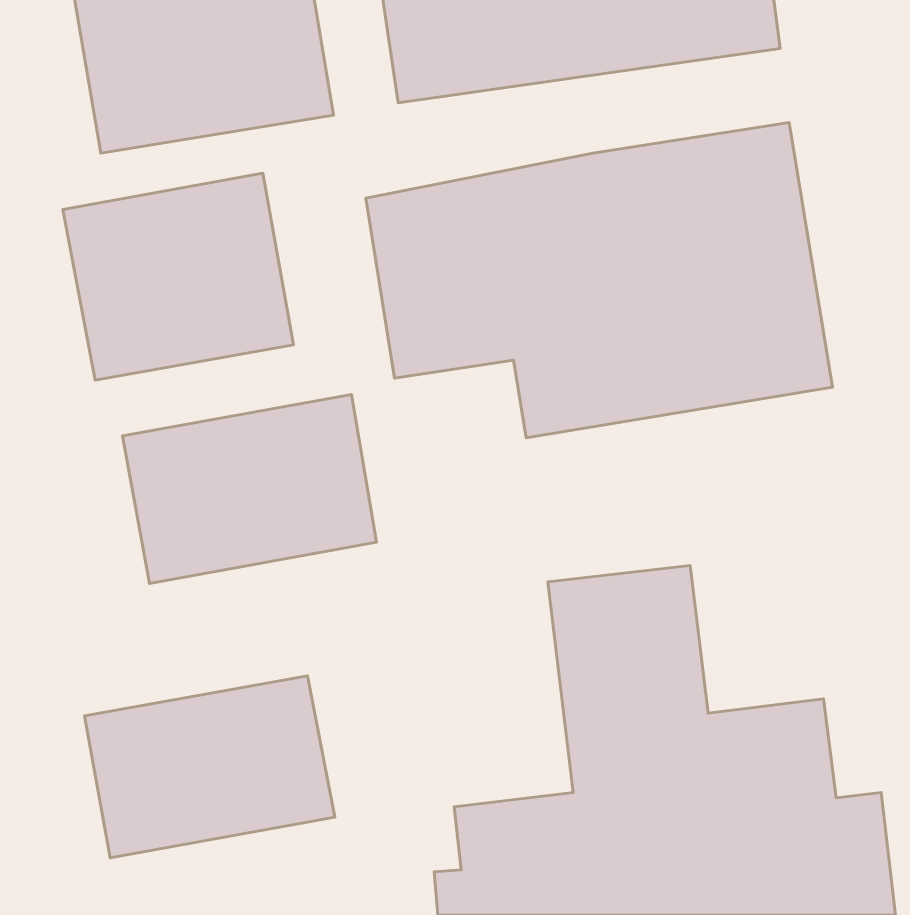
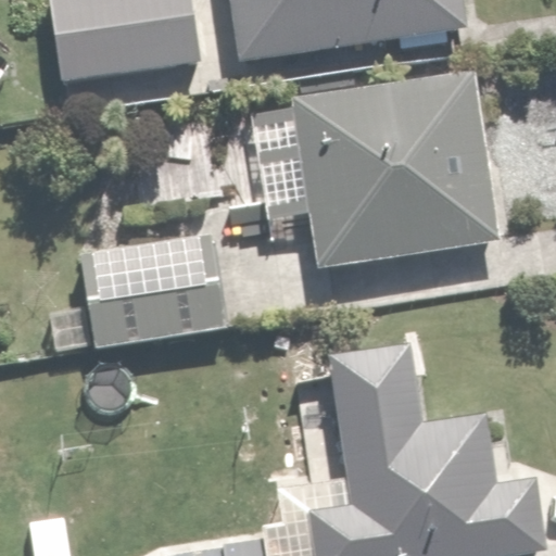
building: [63,173,294,380] -> none
building: [85,676,335,858] -> none

